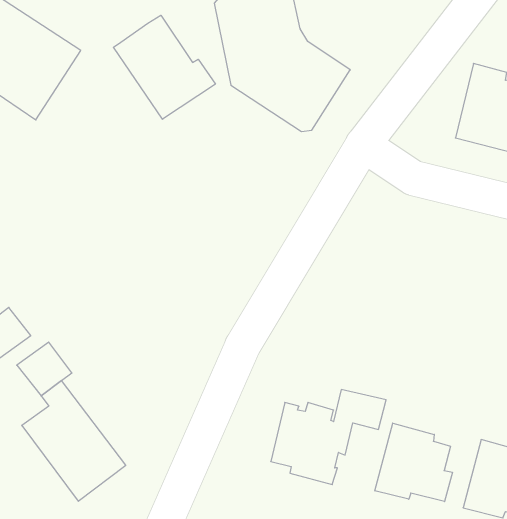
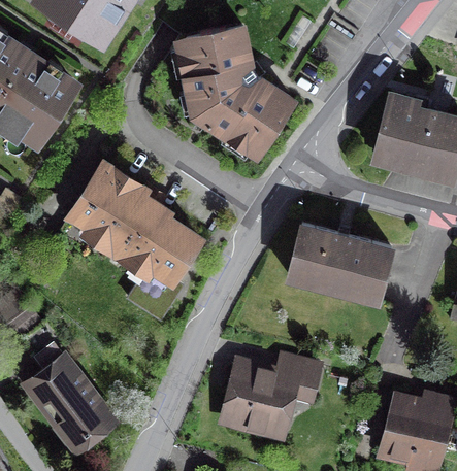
building: [113,15,215,119] -> none
building: none -> [71,163,199,319]
building: none -> [289,225,391,300]
building: [375,423,452,502] -> none

